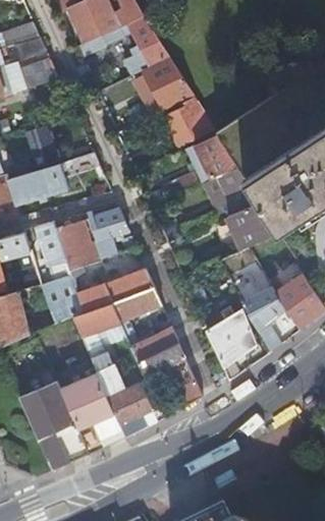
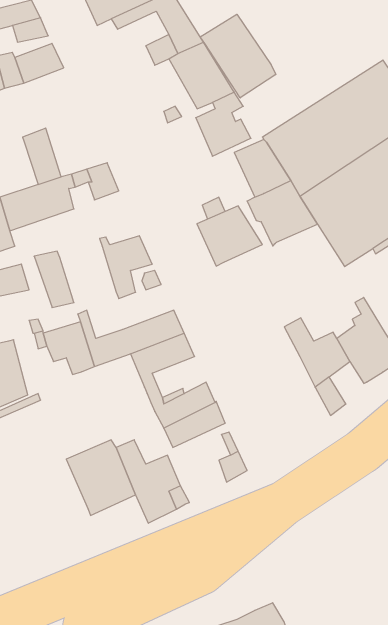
building: none -> [200,14,276,98]
building: [226,200,278,248] -> [197,206,262,266]
building: [54,218,99,257] -> none
building: [71,303,121,338] -> none
building: [206,305,255,366] -> none
building: [18,380,76,470] -> none

